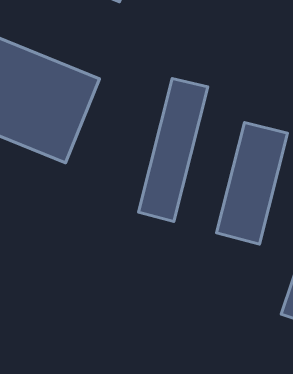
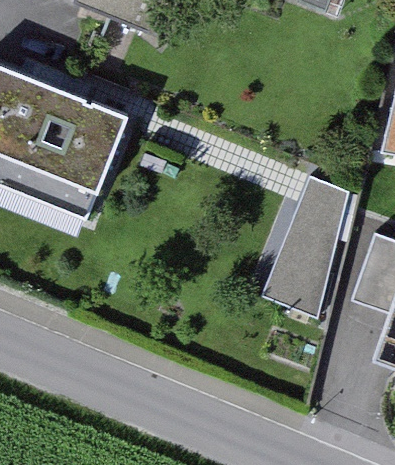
building: [139,78,208,221] -> none

